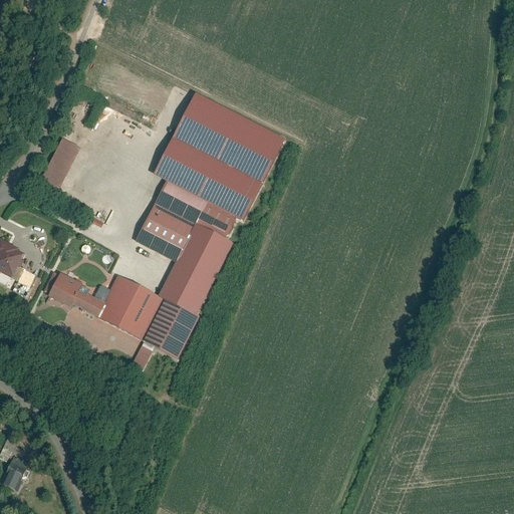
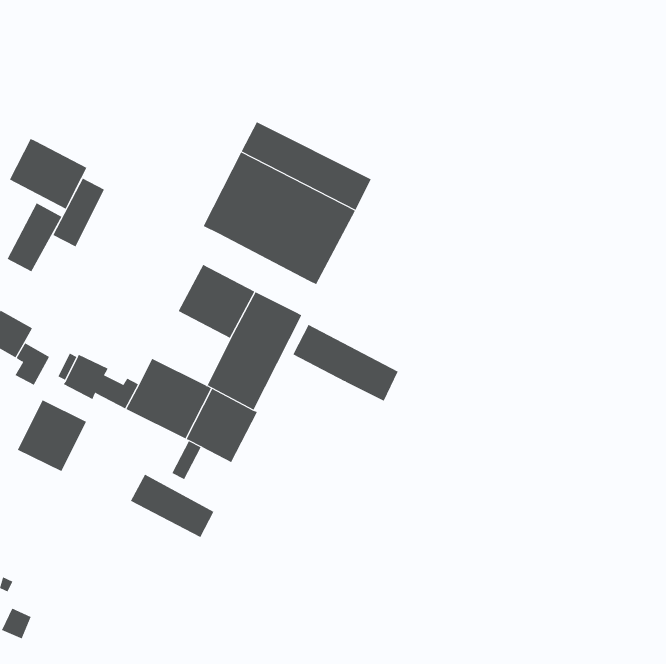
building: none -> [9,138,87,209]
building: none -> [7,202,62,272]
building: [156,180,237,239] -> [293,324,398,401]
building: none -> [17,400,87,472]
building: none -> [130,474,214,538]

